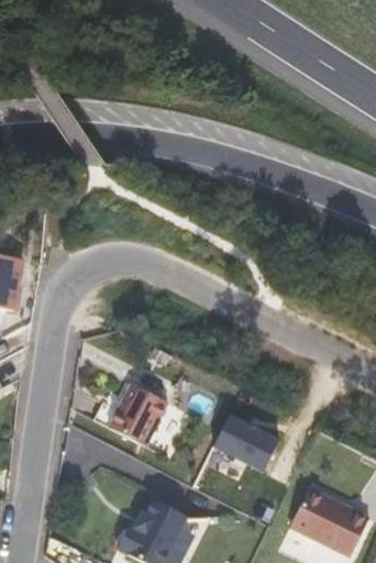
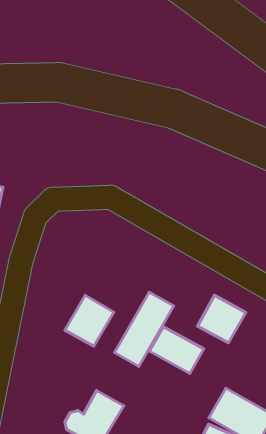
building: none -> [198,295,246,343]
building: none -> [114,292,174,366]

